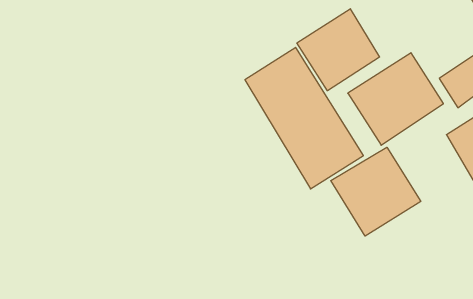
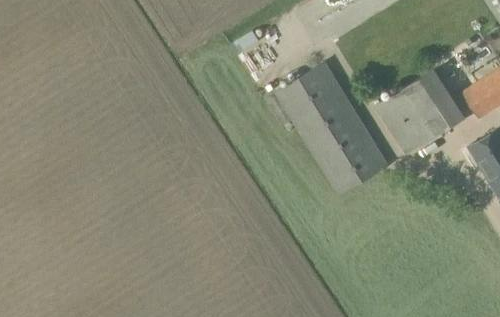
building: [297,9,380,91] -> none
building: [331,147,421,236] -> none

